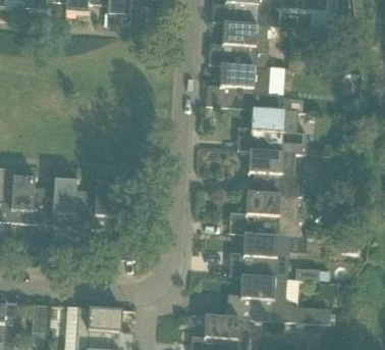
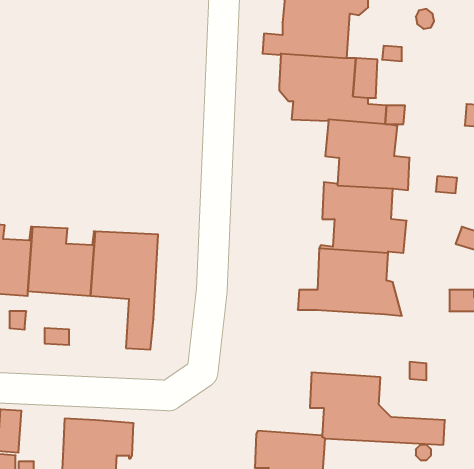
building: [227,234,288,279] -> none

